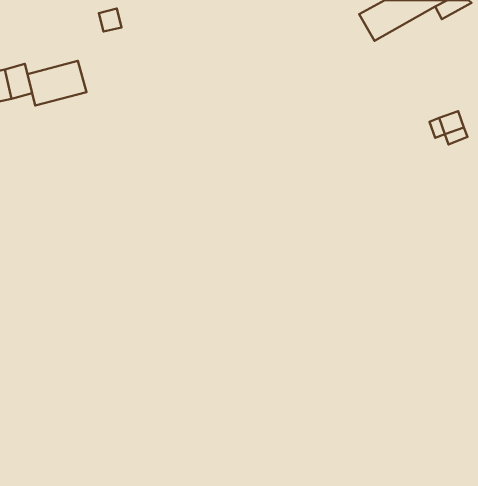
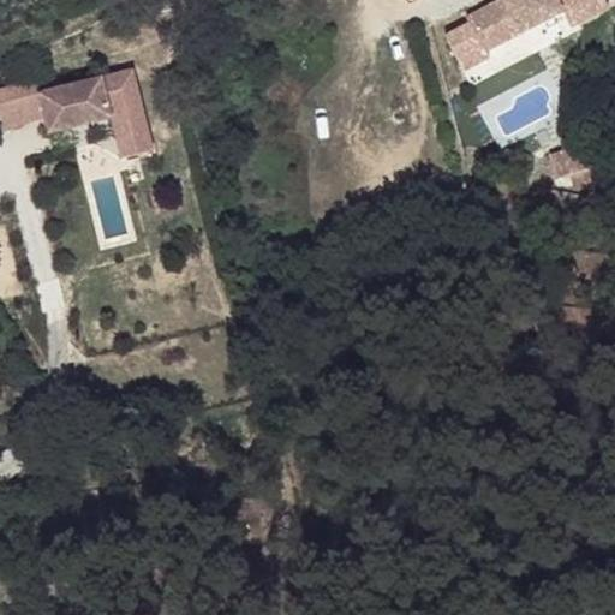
building: none -> [98,68,155,159]

